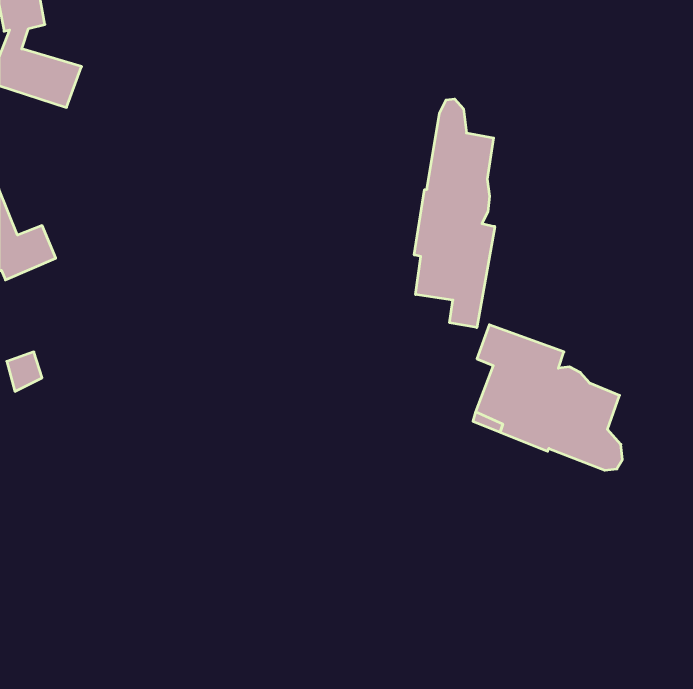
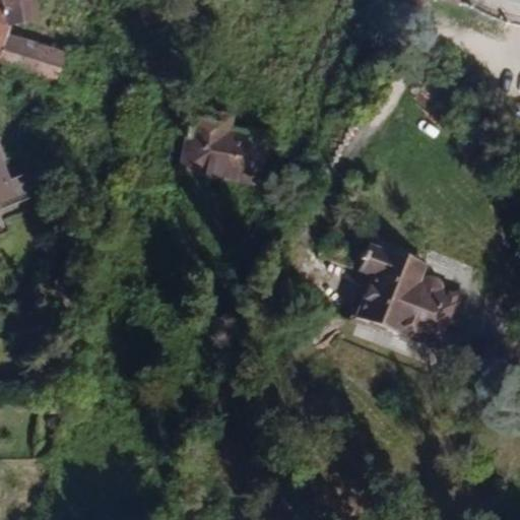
building: [414,99,495,328] -> none
building: none -> [179,110,262,182]

